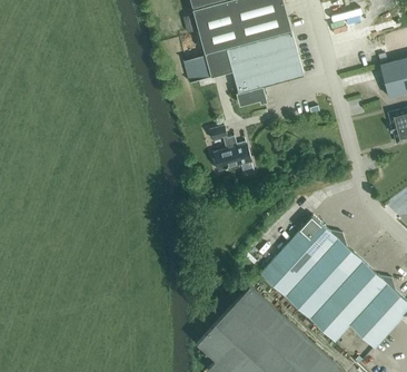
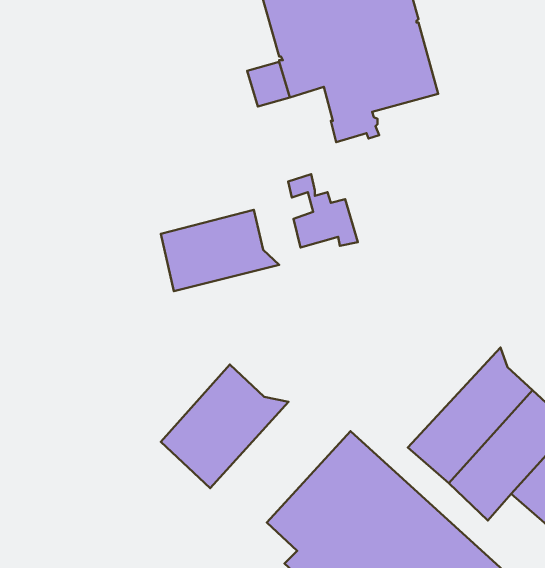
building: none -> [161,210,279,291]
building: [260,216,343,296] -> none
building: none -> [161,365,289,488]

